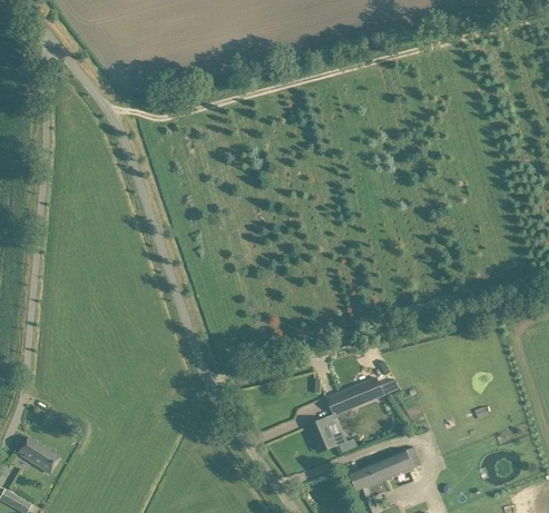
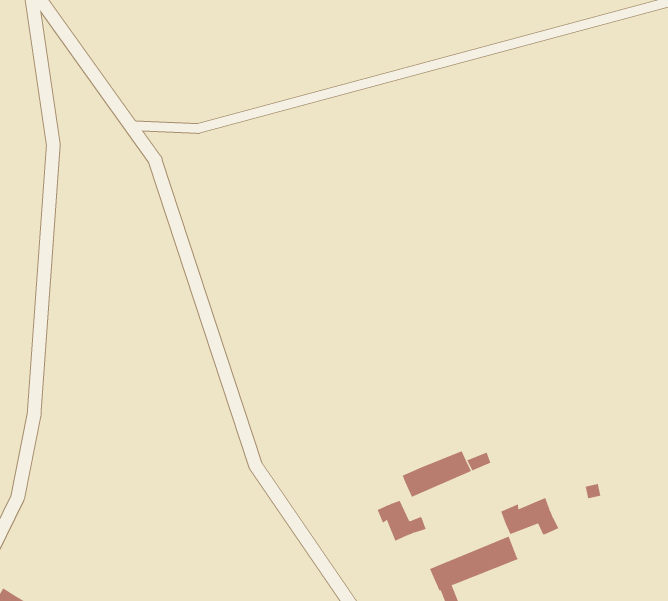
building: none -> [500,497,559,535]
building: [17,436,59,473] -> none

